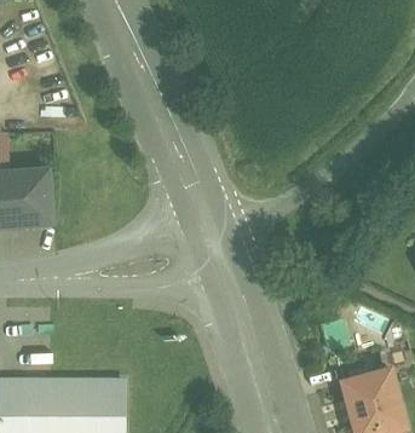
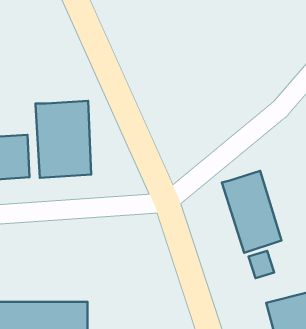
building: none -> [35,101,91,178]
building: none -> [222,171,281,253]

